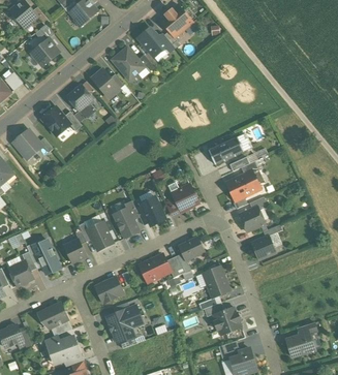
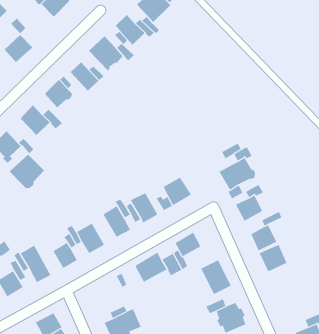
building: [208,137,243,164] -> none
building: none -> [9,154,45,189]
building: none -> [259,244,287,272]
building: [94,277,124,304] -> none

